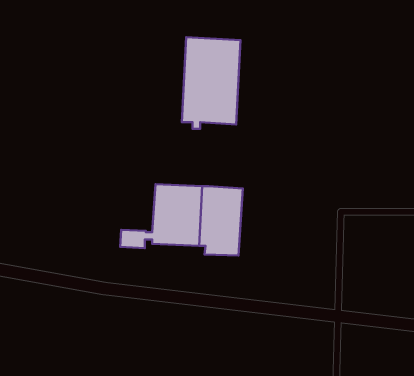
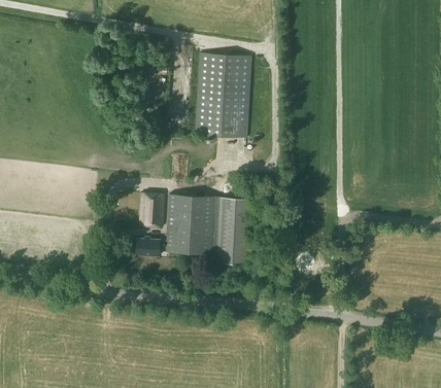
building: none -> [139,192,165,227]

